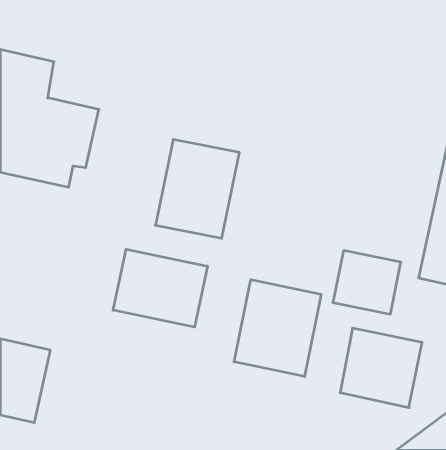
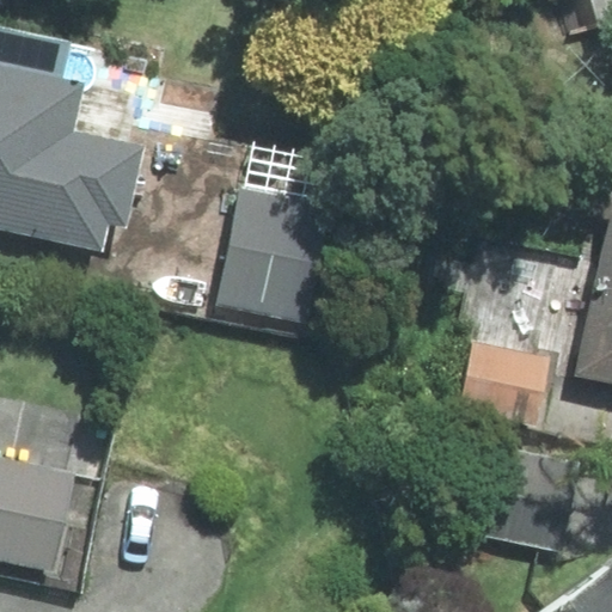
building: [113,249,207,327] -> none
building: [234,280,321,377] -> none

